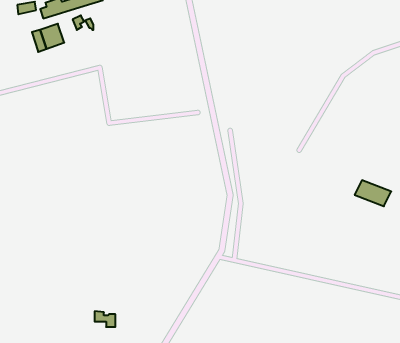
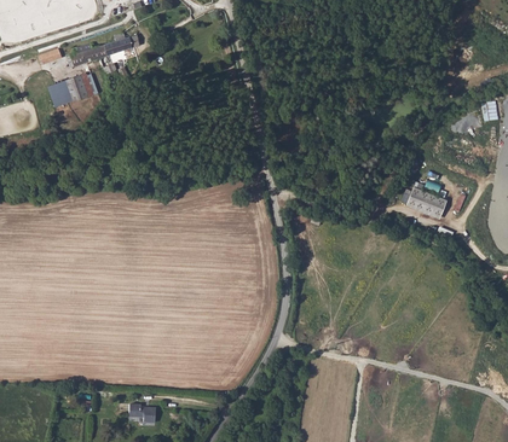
building: [355,180,391,206] -> [405,185,448,215]

